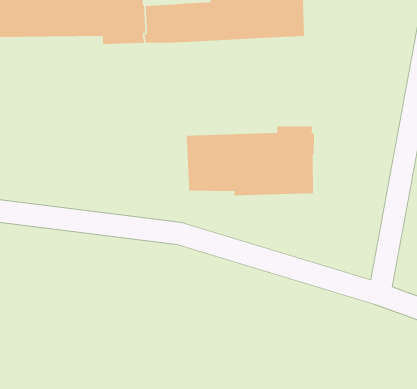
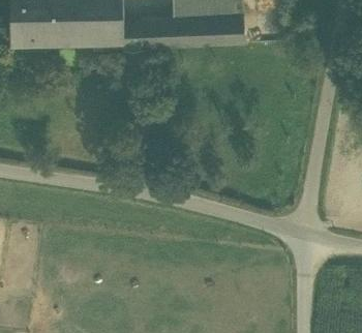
building: [186,125,314,196] -> none

